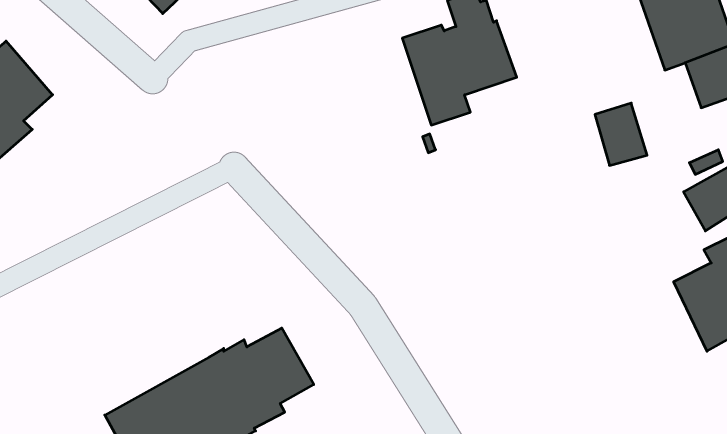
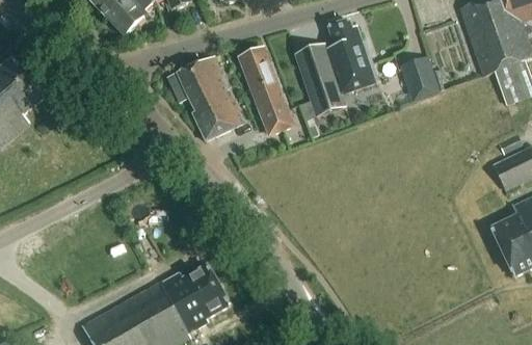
building: none -> [238,48,294,136]
building: none -> [176,55,244,140]
building: [595,103,647,165] -> [404,56,442,101]

